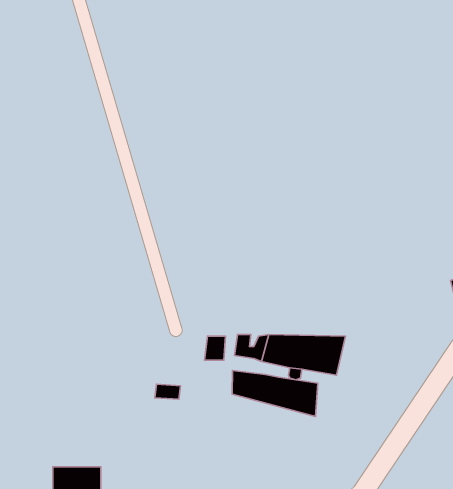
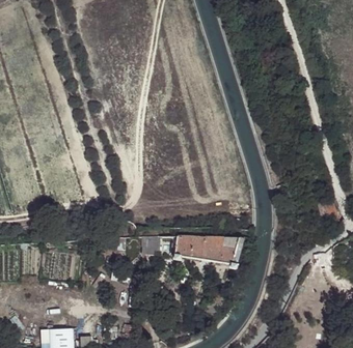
building: [232,370,318,417] -> none

